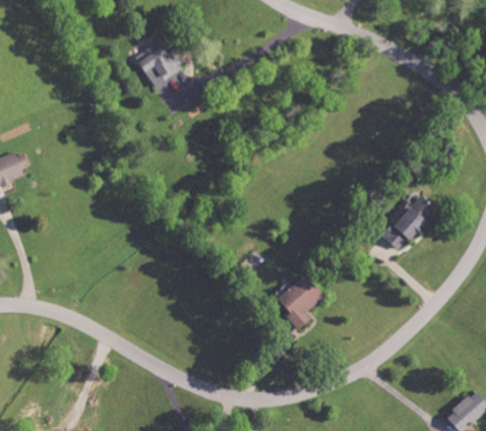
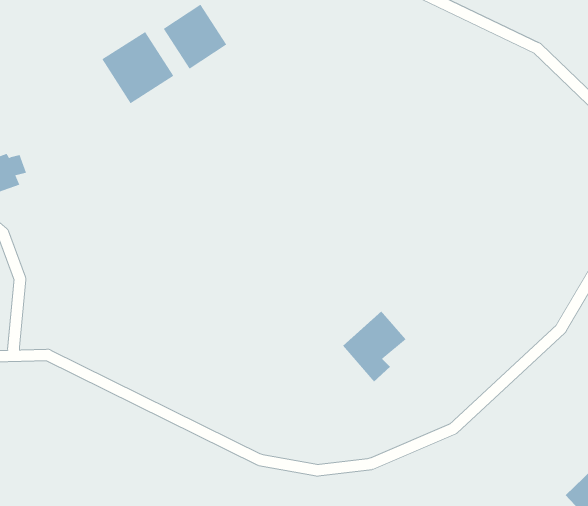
building: none -> [101,31,174,104]
building: [381,194,435,250] -> none

